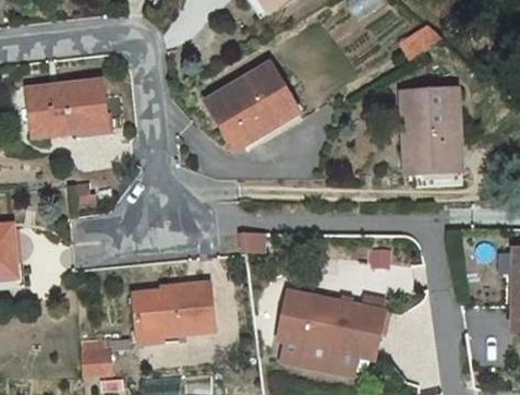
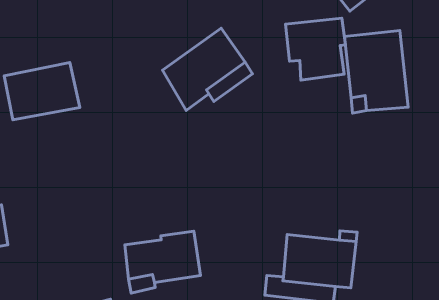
building: none -> [286,18,345,80]
building: [281,287,315,337] -> none

